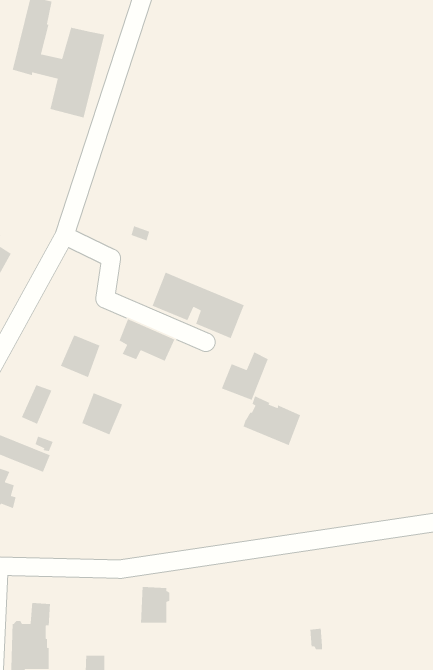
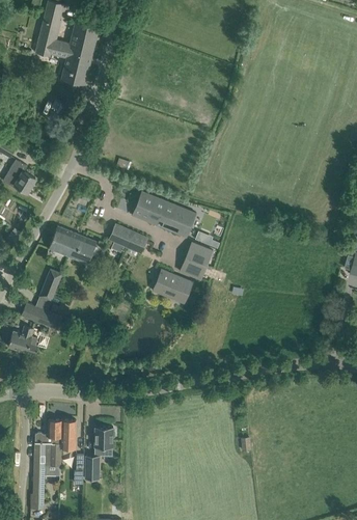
building: [81,392,123,436] -> [48,226,77,256]
building: [242,395,301,446] -> [152,269,192,304]
building: [140,586,170,624] -> [93,427,114,453]
building: none -> [60,420,75,449]

